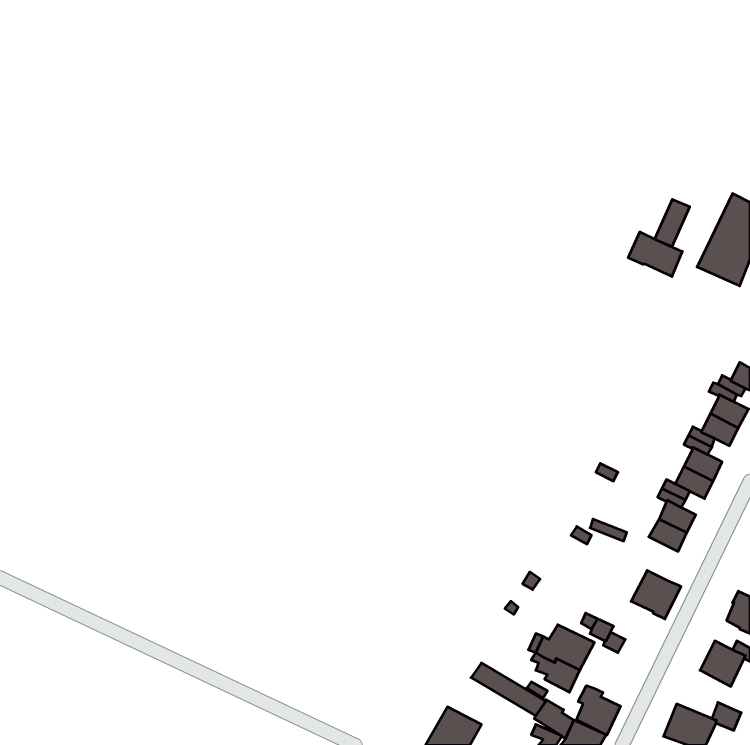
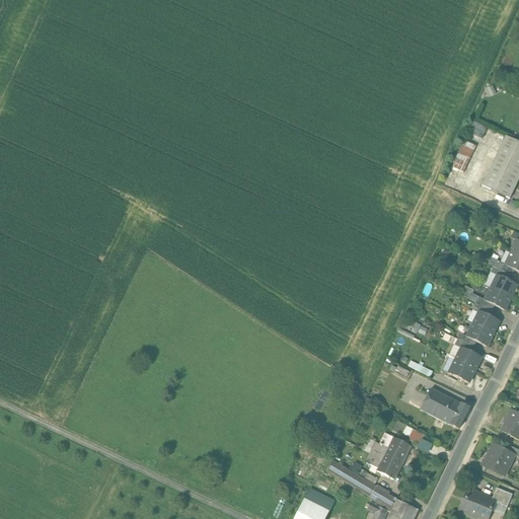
building: [628,232,682,277] -> none
building: none -> [421,386,447,416]
building: [577,686,620,735] -> none

